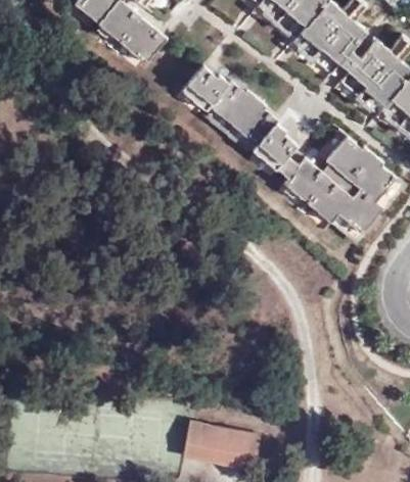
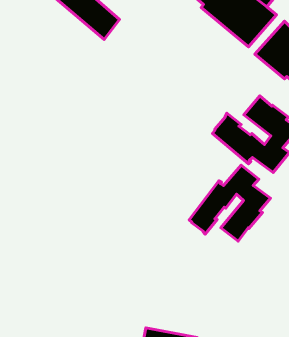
building: [179,60,294,168] -> none
building: none -> [189,165,271,241]

